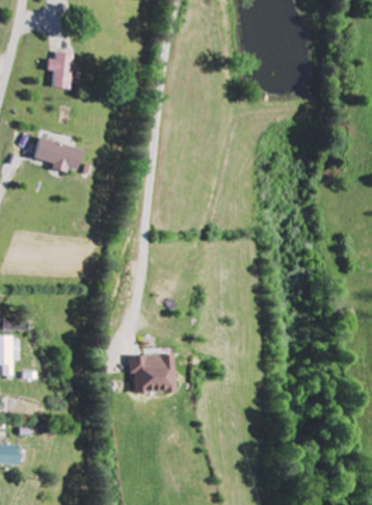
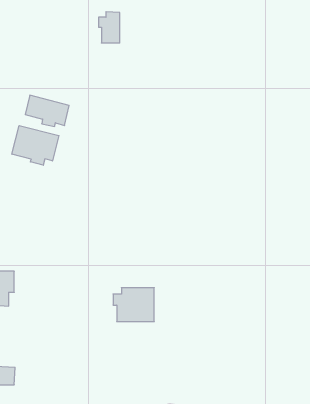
building: [48,52,72,87] -> [99,12,120,43]
building: none -> [12,126,59,165]

